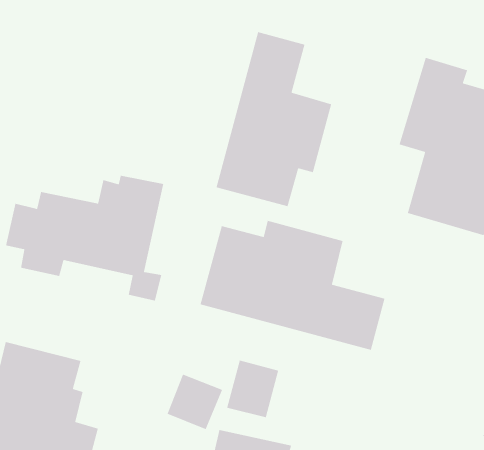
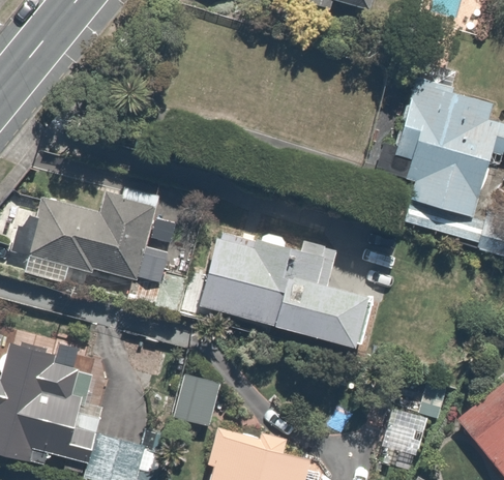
building: [215,31,332,207] -> none
building: [226,359,279,418] -> none

